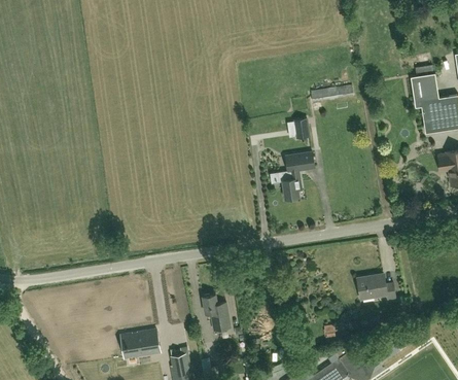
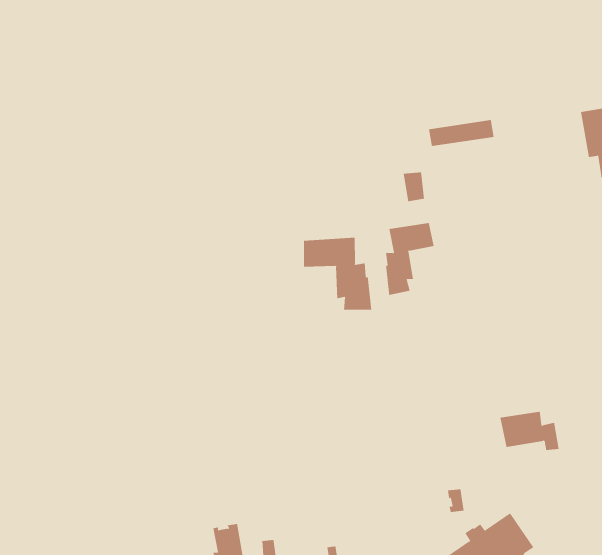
building: none -> [303,237,372,311]
building: [203,293,231,330] -> none
building: [121,329,161,357] -> none

